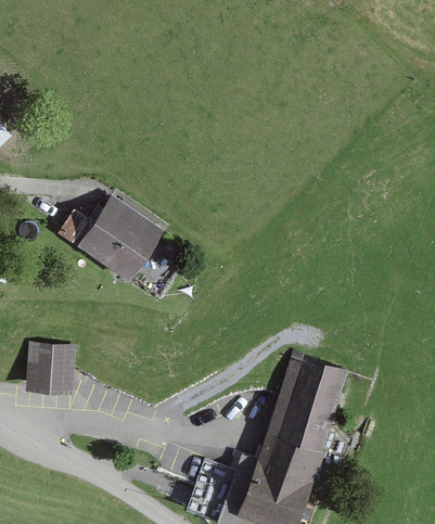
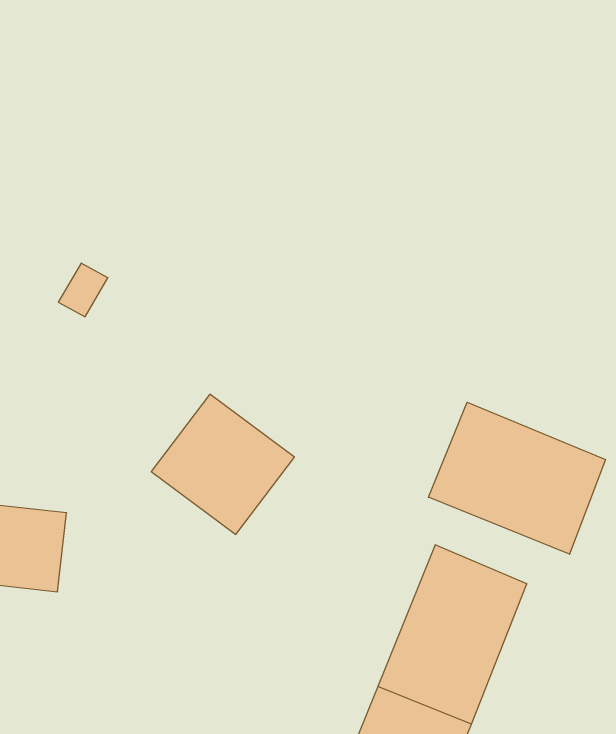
building: [81,200,165,281] -> [151,394,294,534]
building: none -> [428,402,606,554]

